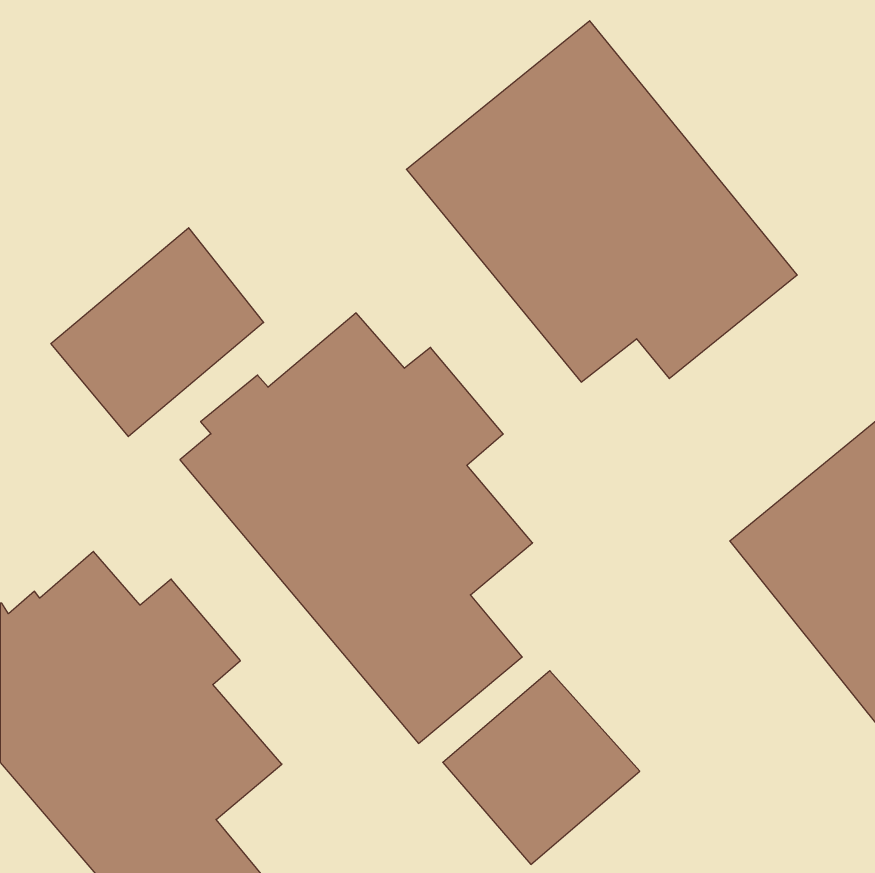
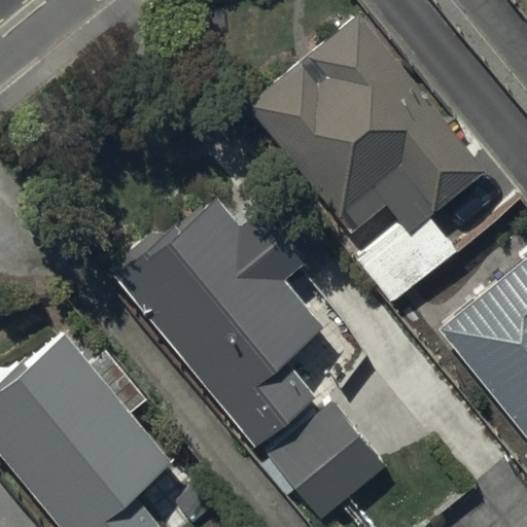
building: [51,228,264,437] -> none

